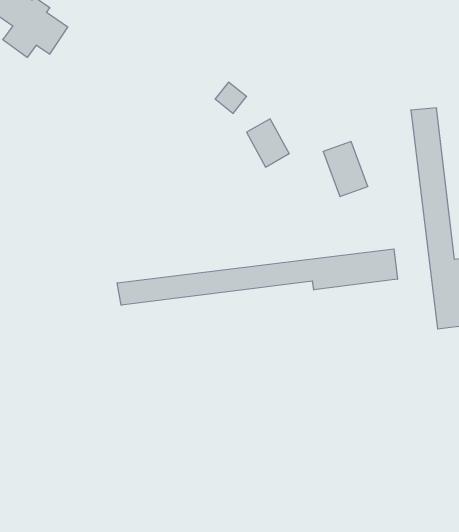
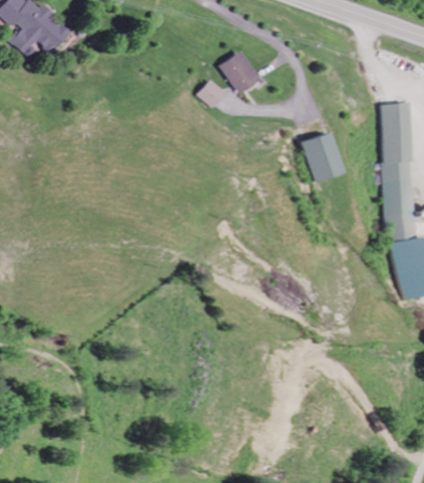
building: [247,119,289,167] -> [223,51,261,94]
building: [117,249,397,305] -> none

